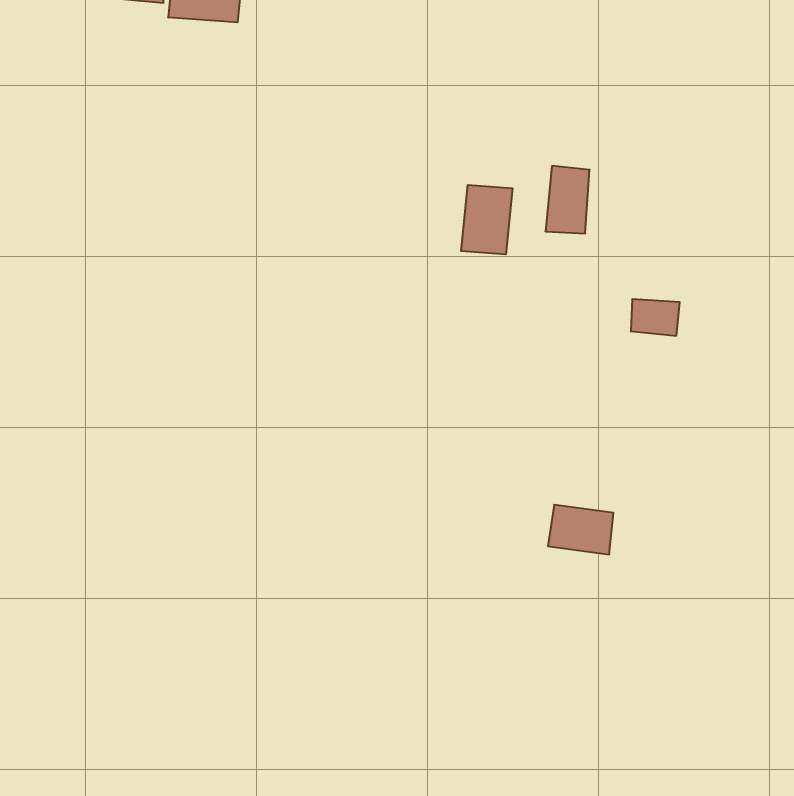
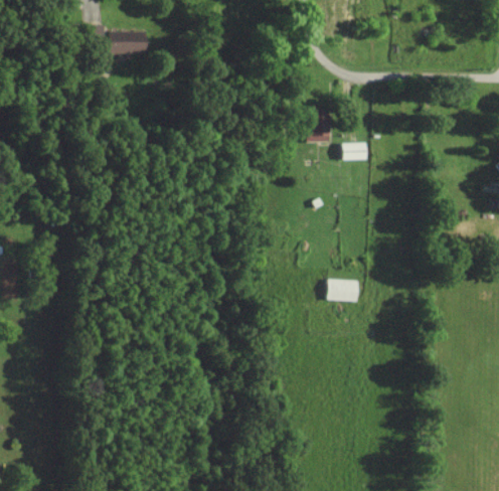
building: [461,185,512,254] -> none
building: [631,299,680,336] -> [342,143,366,160]

